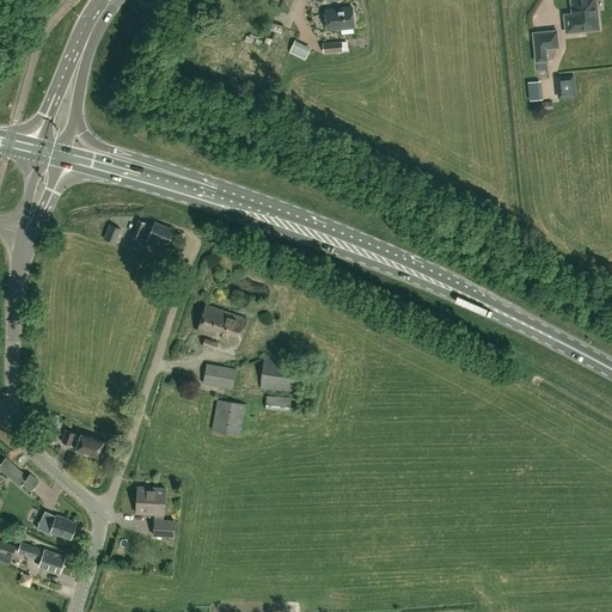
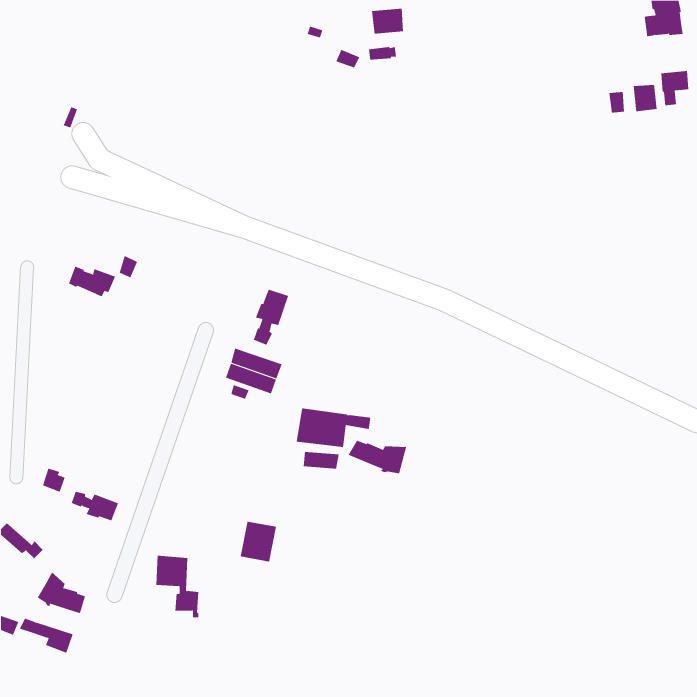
building: [533,31,558,62] -> [660,71,689,106]
building: [131,220,173,247] -> [68,266,116,297]
building: none -> [253,289,289,346]
building: [203,365,235,388] -> none
building: none -> [348,440,407,474]
building: [213,399,245,435] -> [240,521,277,562]

